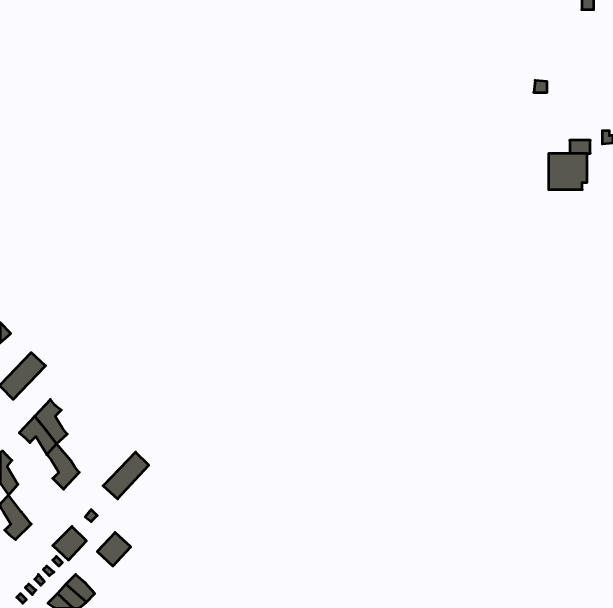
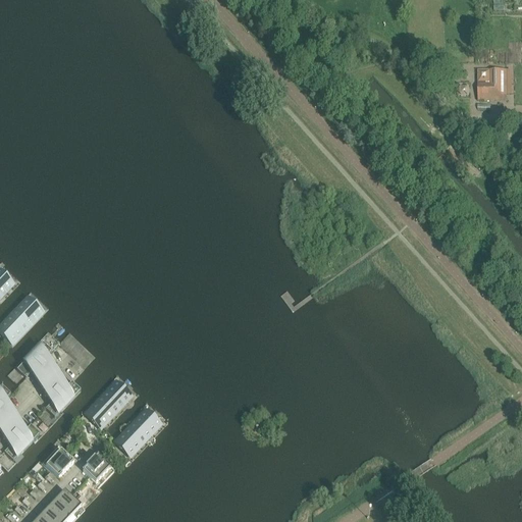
building: [549,154,587,190] -> [478,67,511,98]
building: none -> [48,369,81,402]
building: none -> [7,412,40,446]
building: none -> [117,413,156,453]

